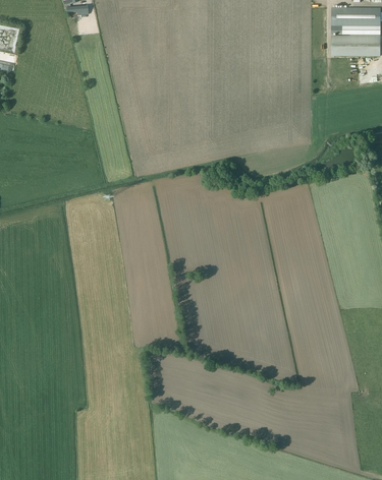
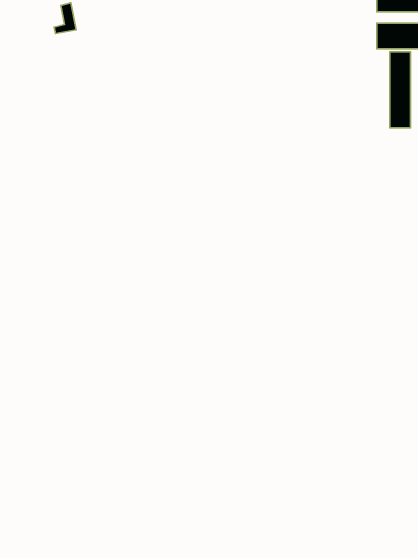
building: none -> [390,52,410,128]

